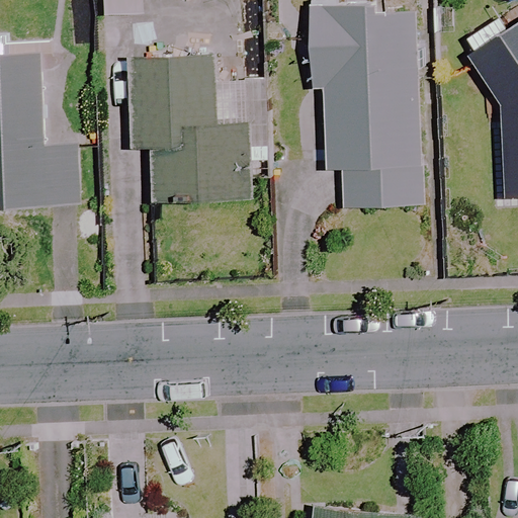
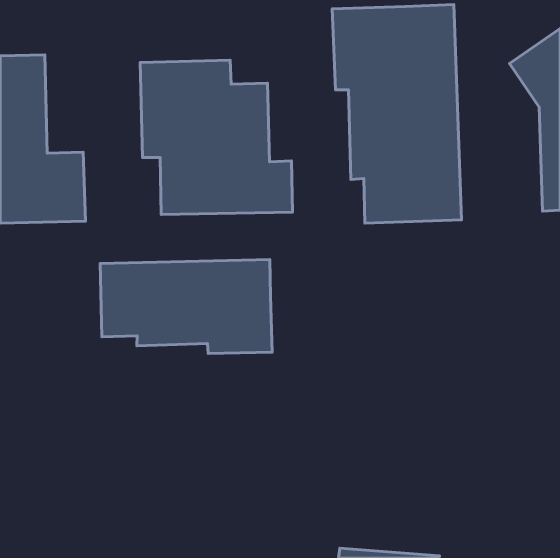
building: none -> [100,260,272,353]

